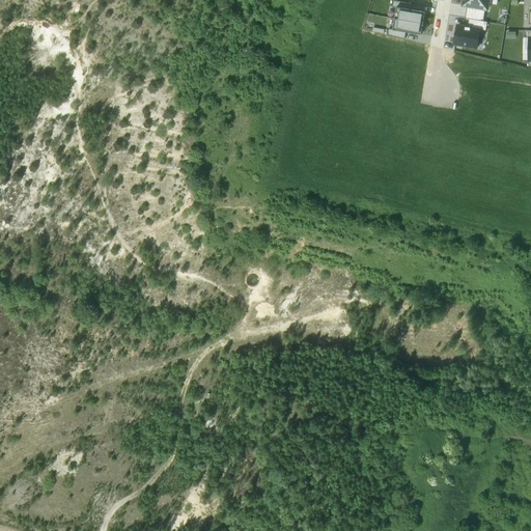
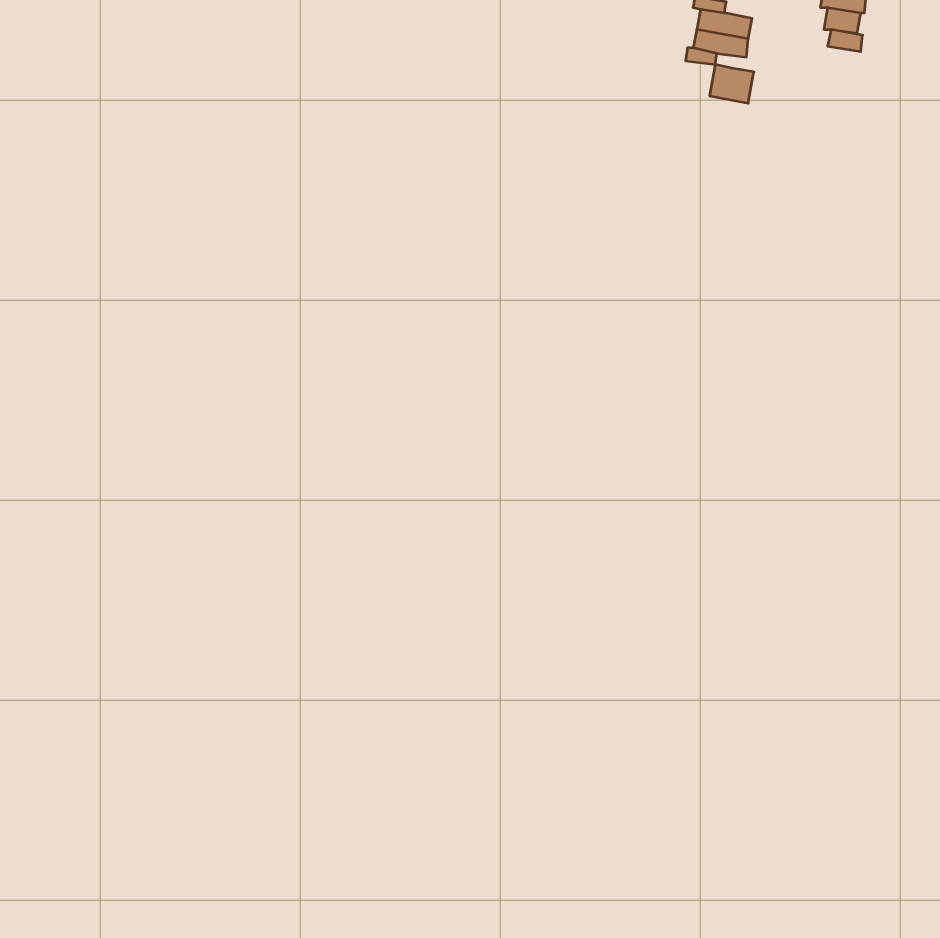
building: [453,24,478,46] -> [710,64,754,103]

